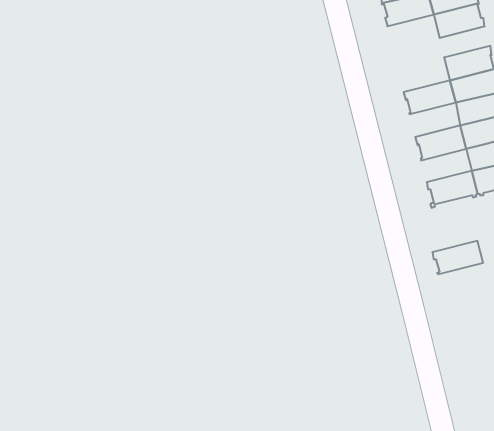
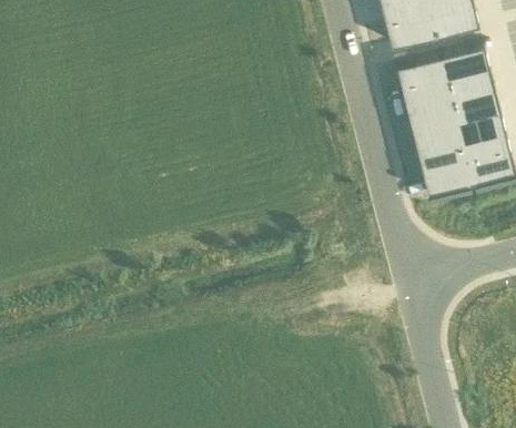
building: none -> [386,17,436,50]
building: none -> [396,58,446,91]
building: none -> [407,101,456,134]
building: [432,241,483,274] -> [418,145,467,177]

